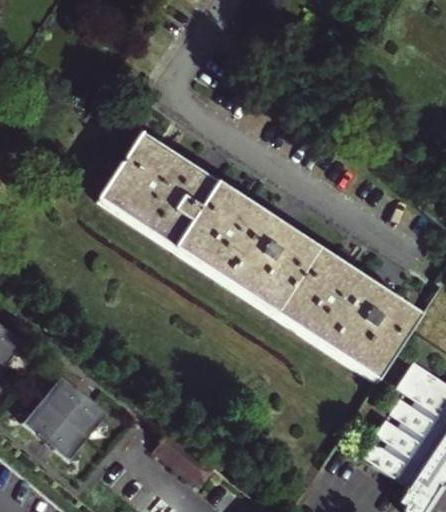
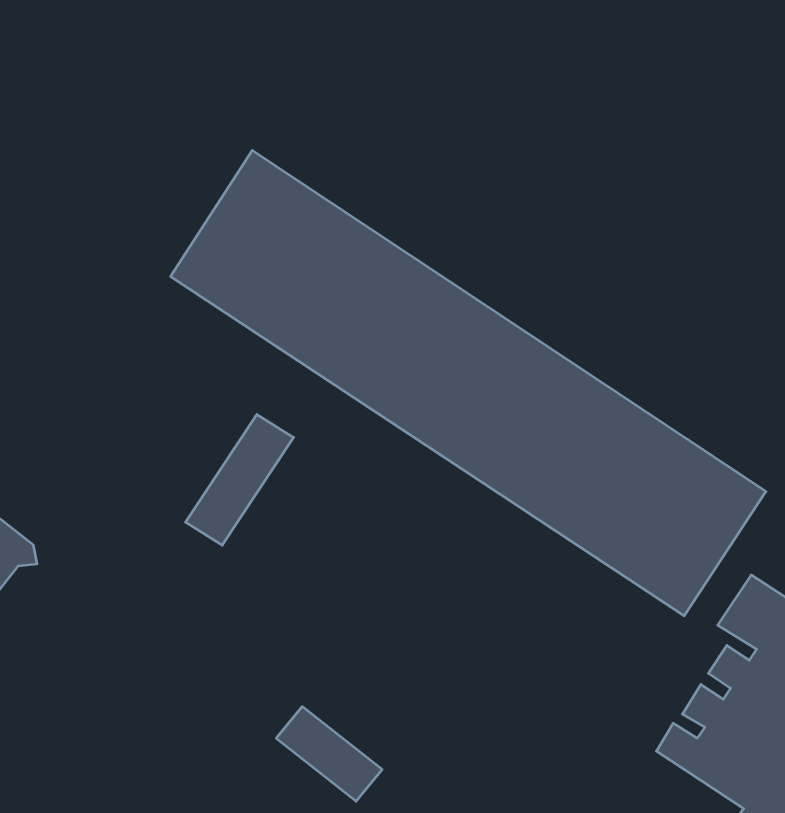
building: none -> [186,414,294,545]
building: [24,375,111,458] -> none

